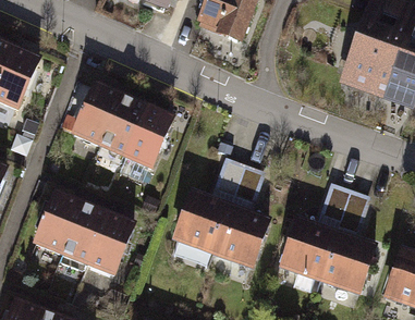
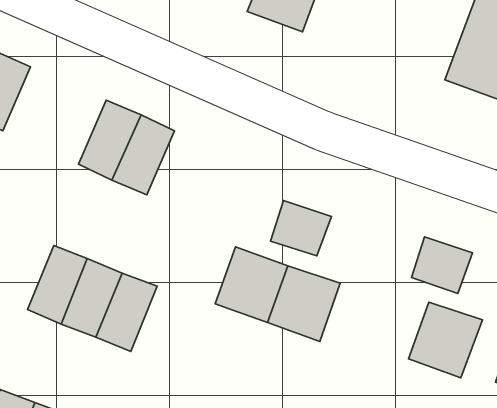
building: [125,107,172,165] -> none
building: [282,221,337,278] -> none

